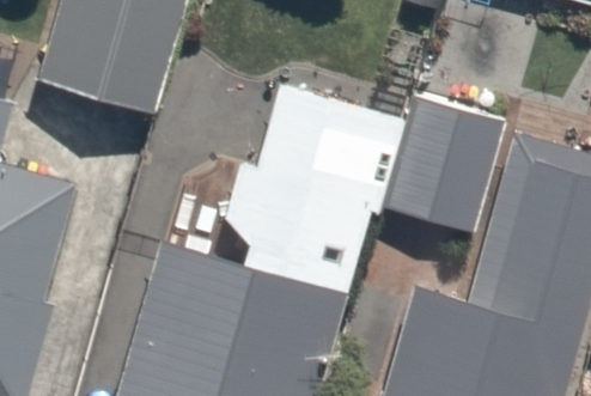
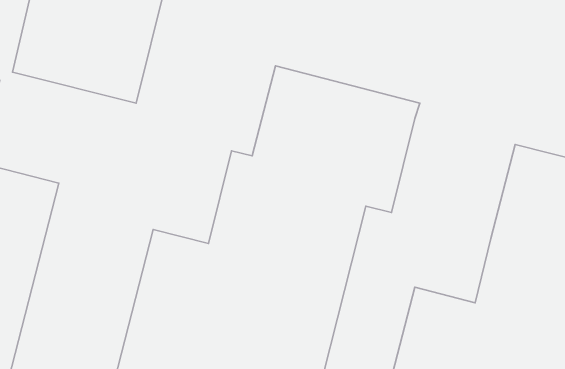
building: [386,127,501,238] -> none

